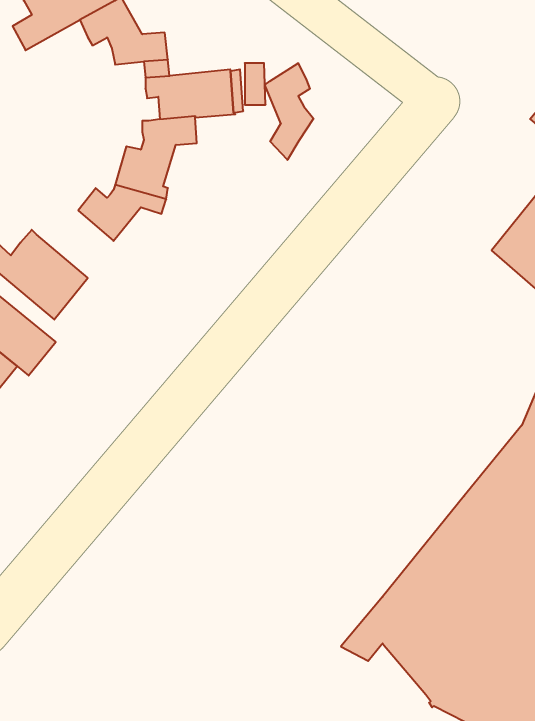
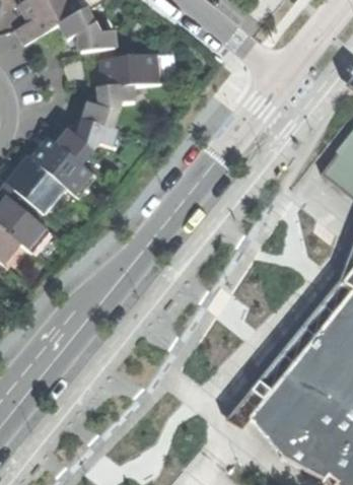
building: [265,63,313,160] -> none
building: none -> [32,138,91,194]

